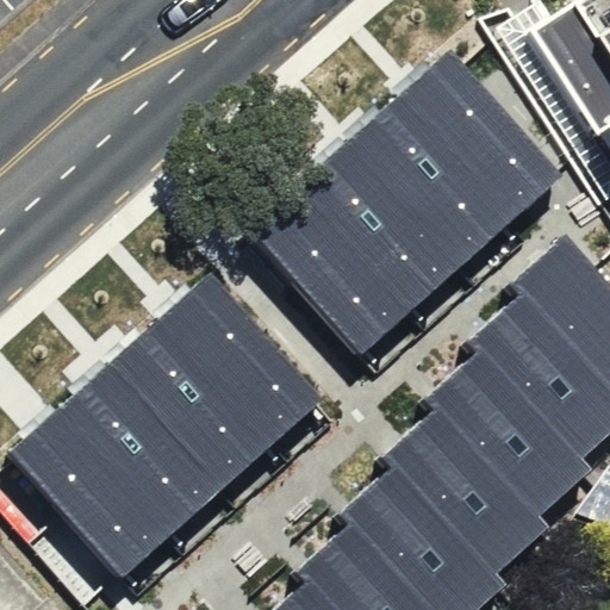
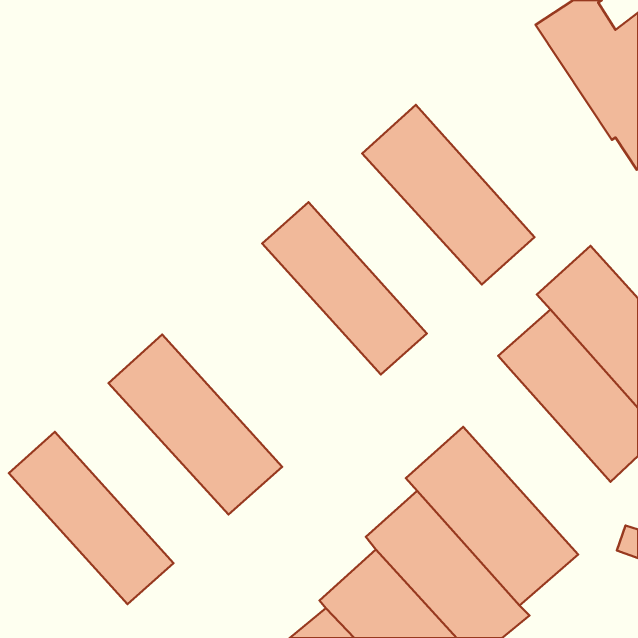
building: [397,54,561,226] -> none
building: [294,147,460,318] -> none
building: [155,273,319,446] -> none
building: [432,350,592,516] -> none
building: [52,366,218,537] -> none

